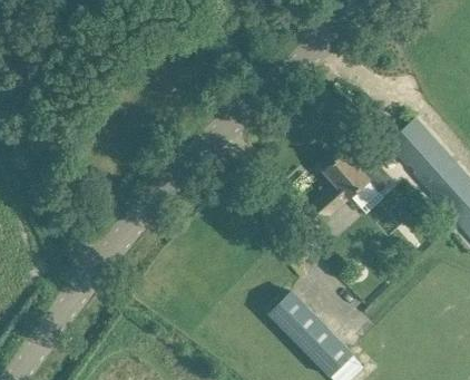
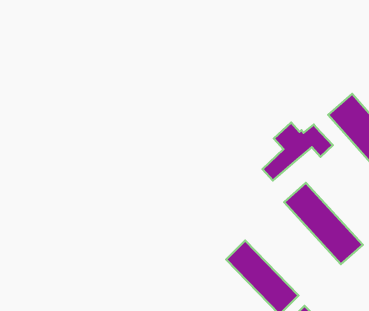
building: none -> [284,183,363,264]

